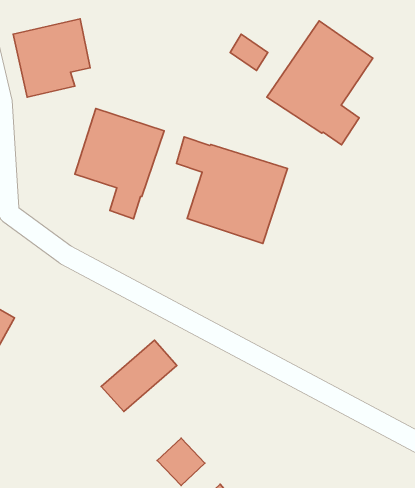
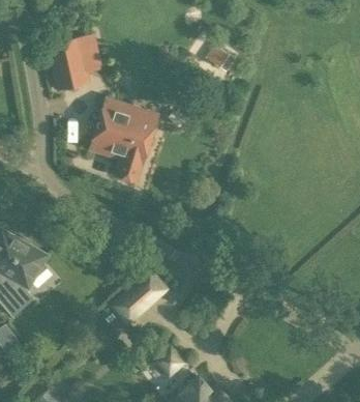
building: [267,21,373,145] -> none
building: [176,137,288,244] -> none

